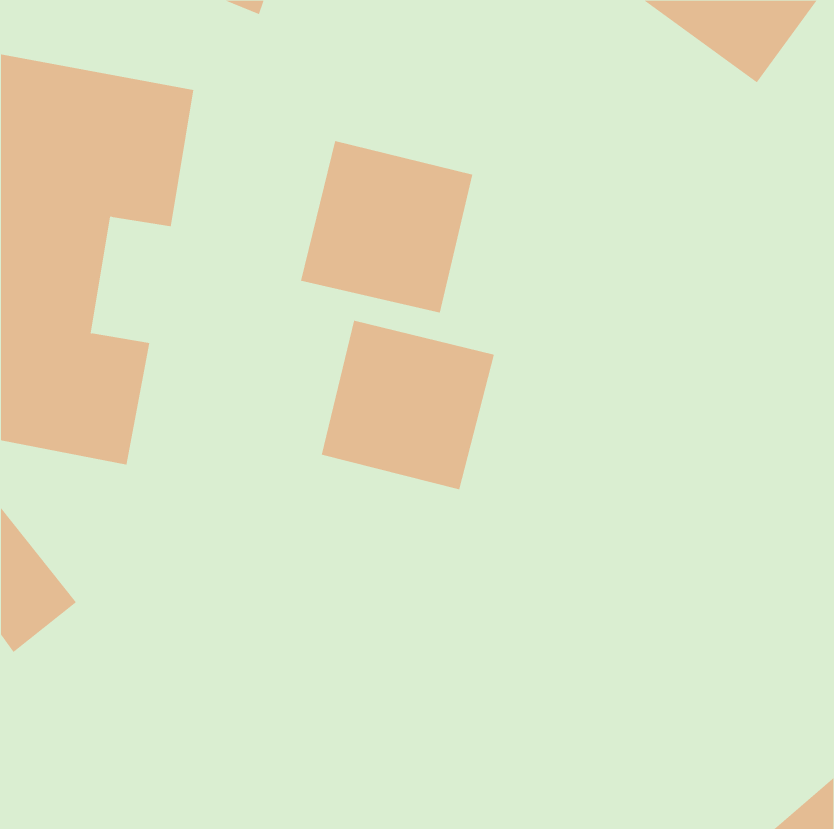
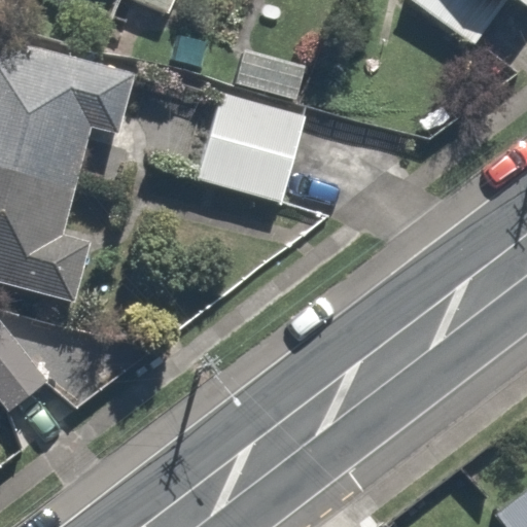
building: [321,320,494,490] -> none

